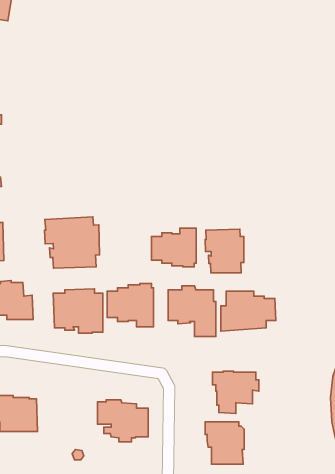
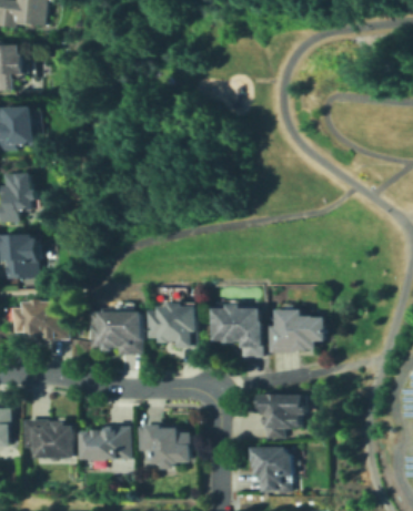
building: [44,217,99,268] -> none
building: [152,228,196,267] -> none
building: [205,229,244,273] -> none
building: none -> [80,427,130,460]

